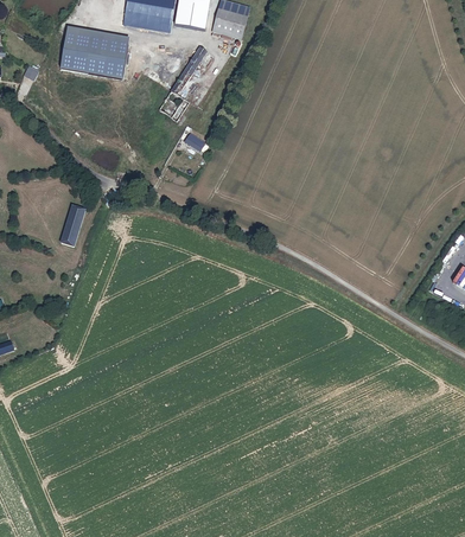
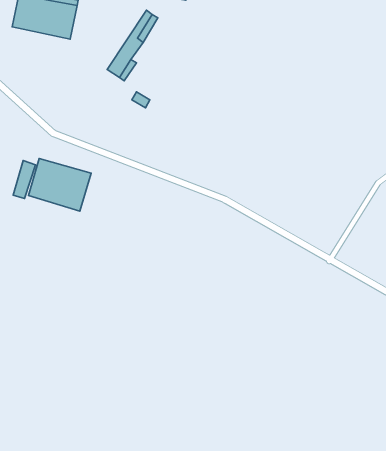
building: none -> [28,159,91,211]

